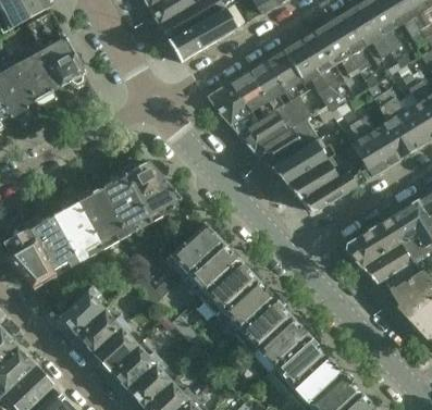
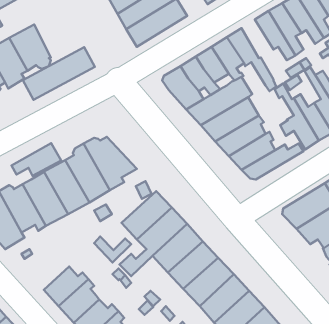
building: [299,30,344,98] -> none
building: none -> [23,47,95,100]
building: none -> [11,143,61,176]
building: [60,286,106,334] -> none

